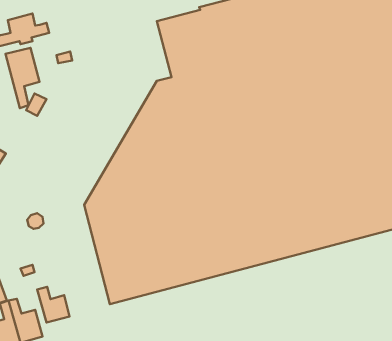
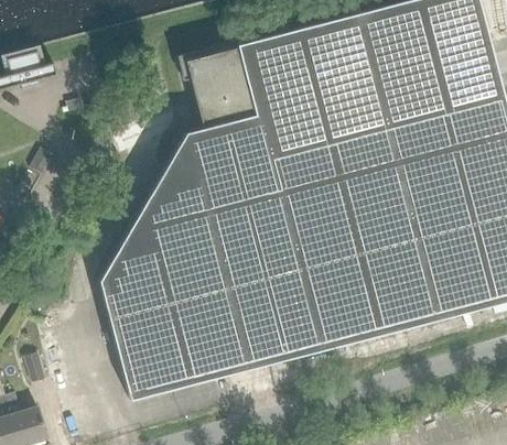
building: [6,48,39,108] -> none
building: [37,287,69,322] -> none

